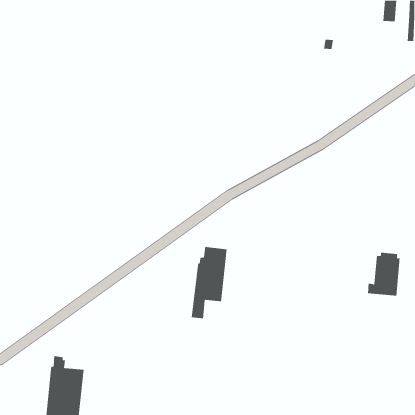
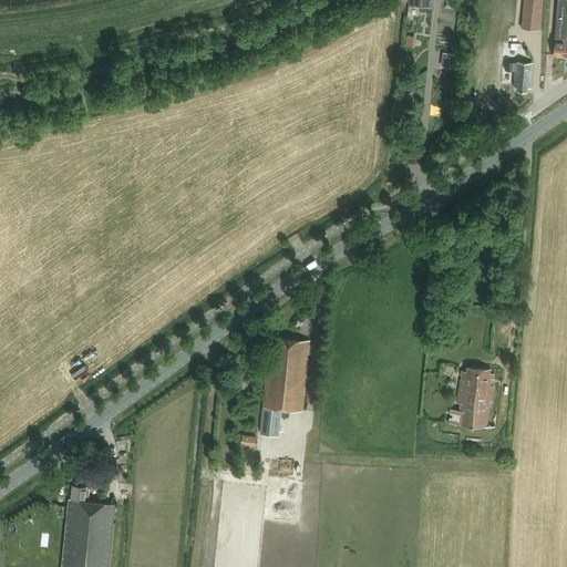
building: none -> [505,63,534,92]
building: [367,252,400,296] -> [447,367,493,426]

